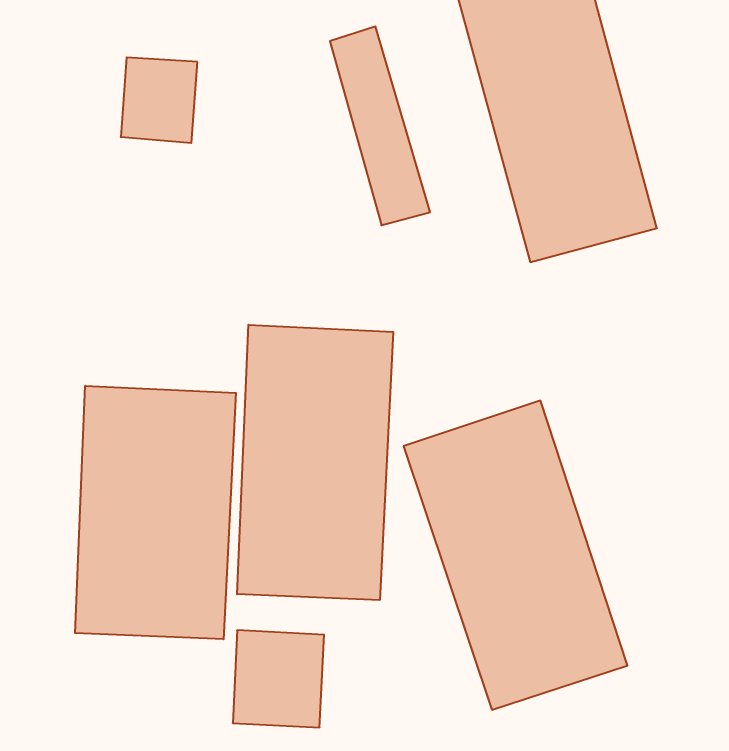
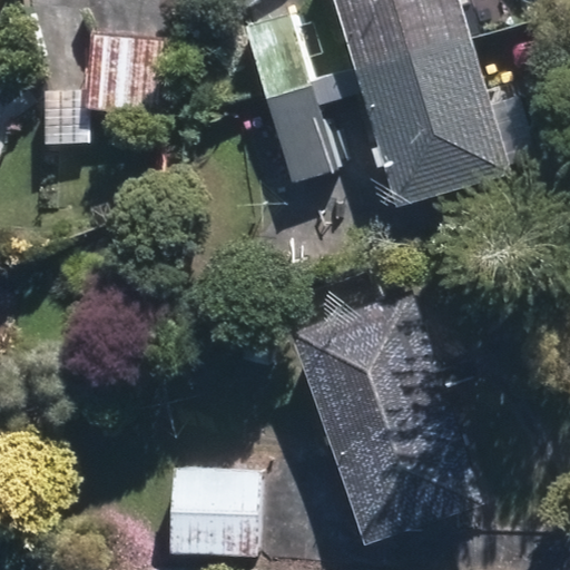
building: [237,325,393,600] -> none
building: [75,386,236,639] -> none

